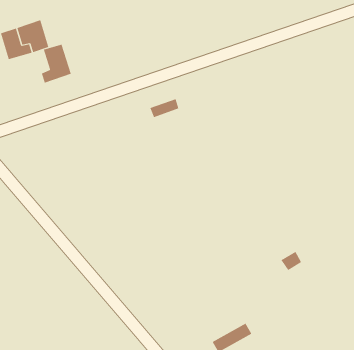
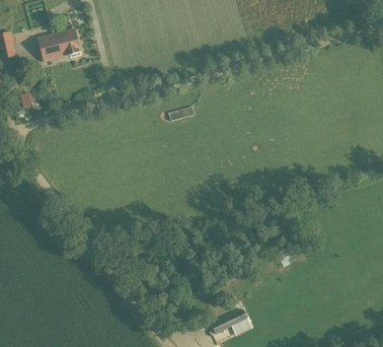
building: [41,44,72,83] -> none

